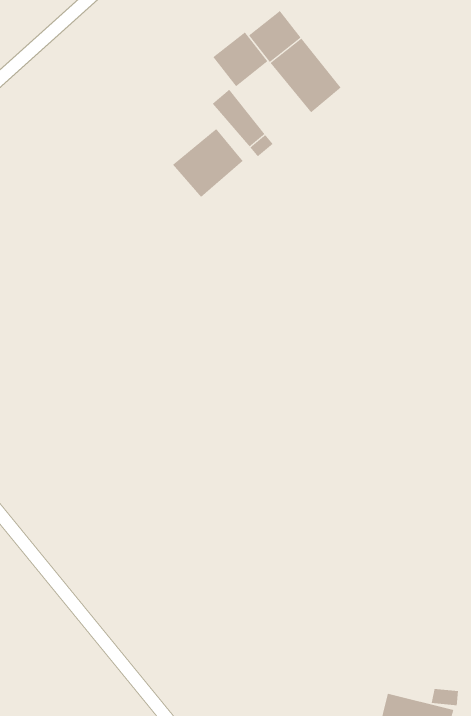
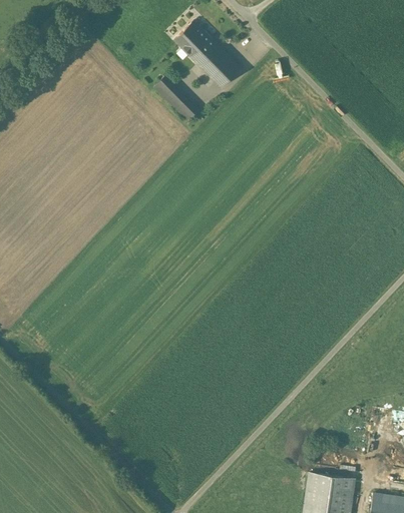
building: [212,31,268,87] -> none
building: [172,128,244,198] -> none

